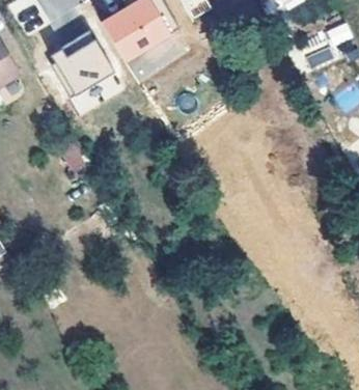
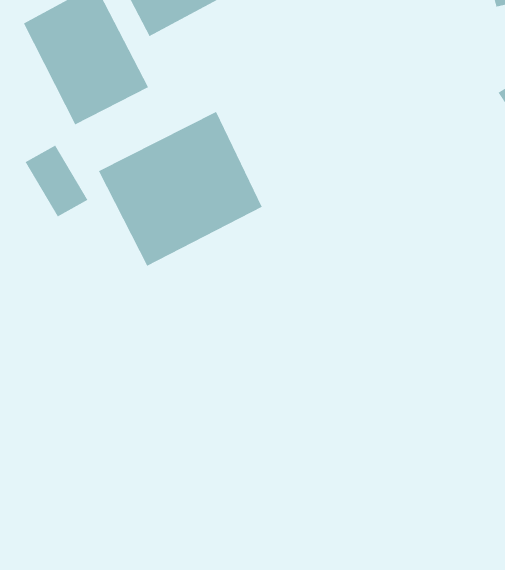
building: none -> [98,111,263,267]

